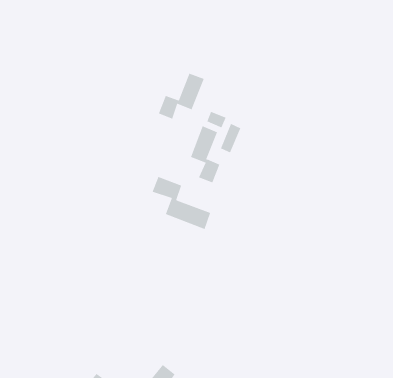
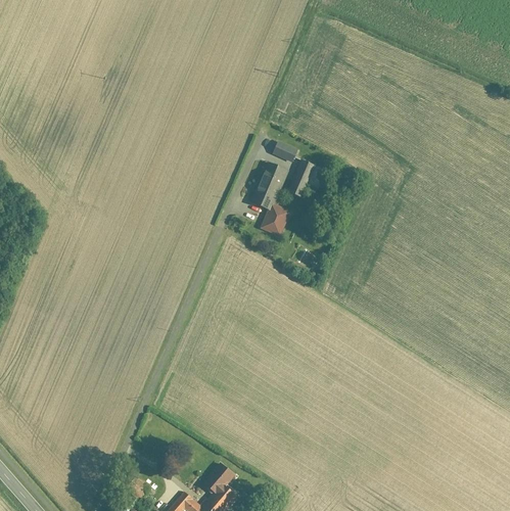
building: [158,73,205,120] -> none
building: [152,176,211,230] -> none

